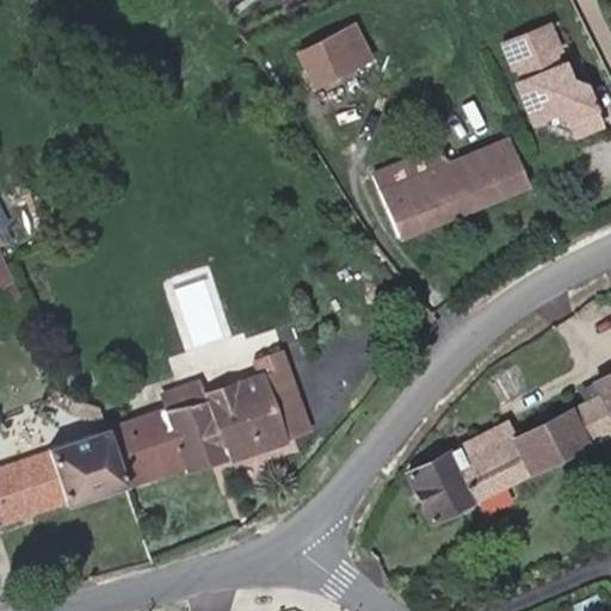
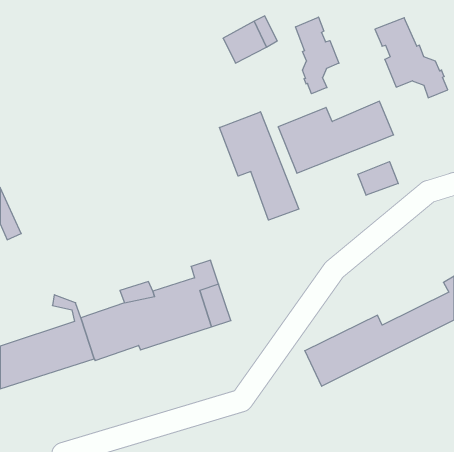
building: none -> [296,17,339,94]
building: none -> [219,112,299,220]
building: none -> [358,162,398,195]

